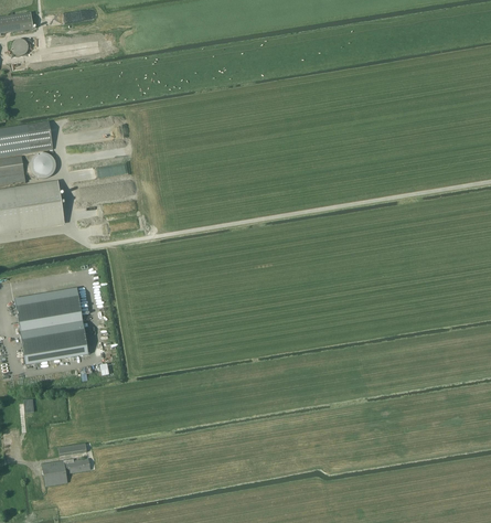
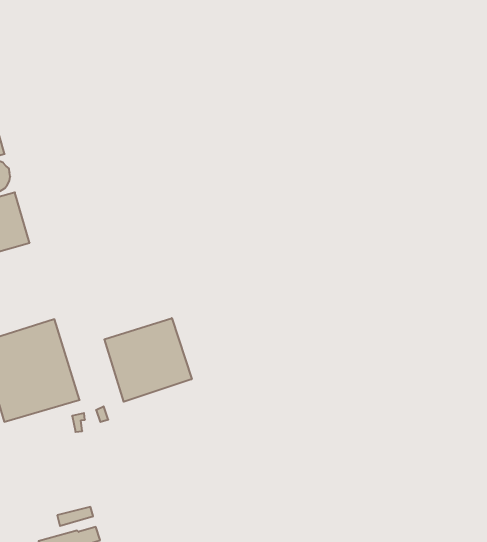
building: none -> [104,318,192,402]

